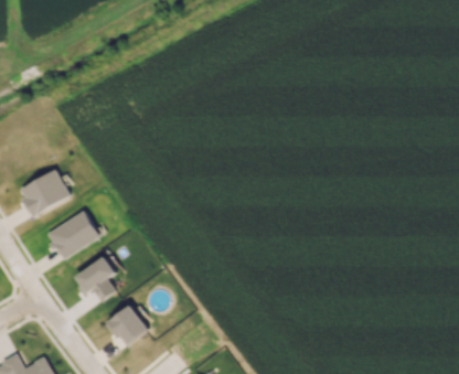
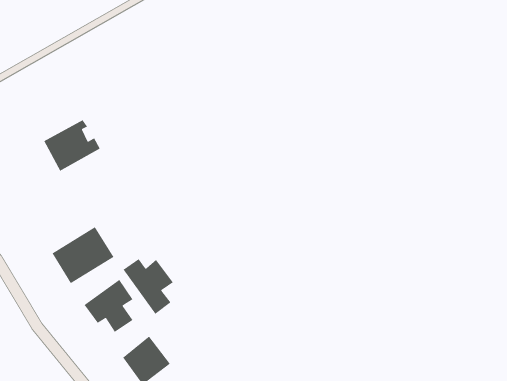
building: [20,170,70,215] -> [43,119,101,172]
building: none -> [123,258,174,315]

